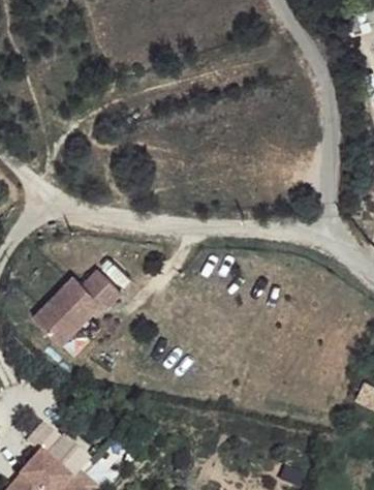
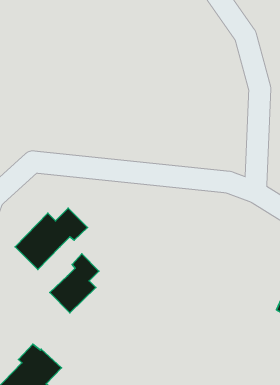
building: none -> [50,254,99,313]

